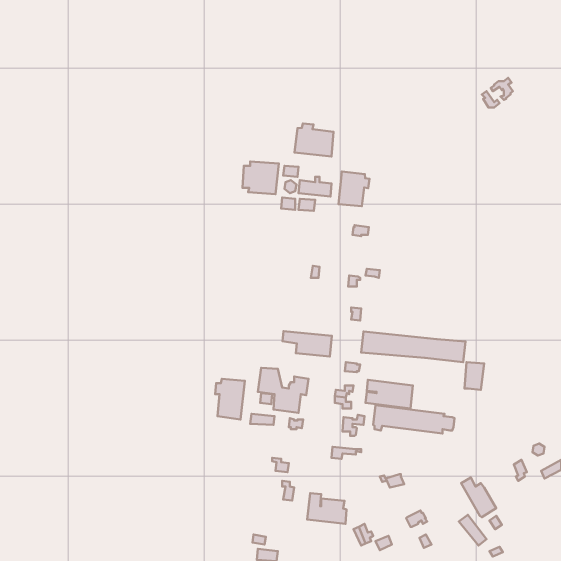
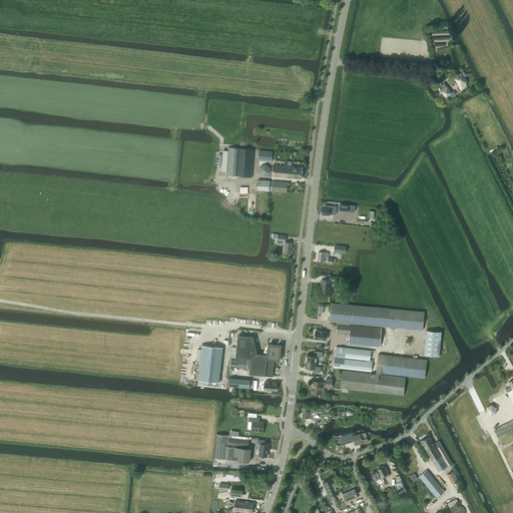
building: [295,123,333,156] -> none
building: [339,171,369,206] -> none
building: [283,331,332,357] -> [337,324,382,347]
building: none -> [376,354,427,378]
building: [307,493,347,524] -> [214,434,250,462]

